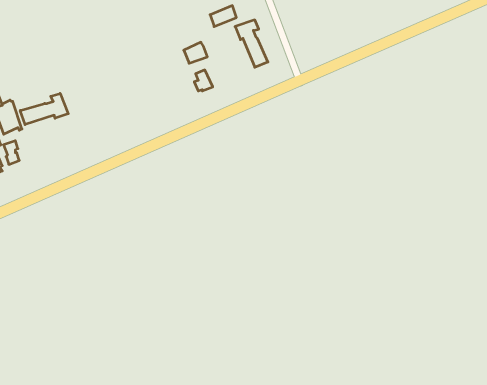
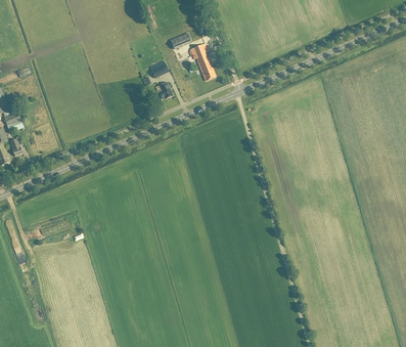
building: [20,93,68,125] -> none

